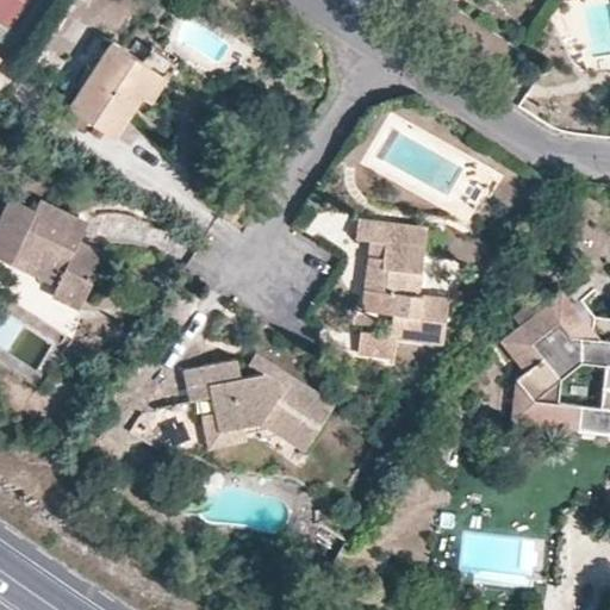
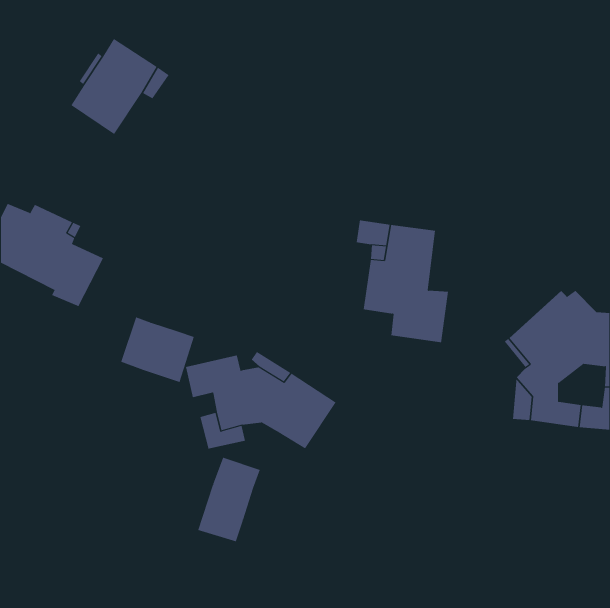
building: none -> [121,316,195,383]
building: none -> [198,457,261,542]

